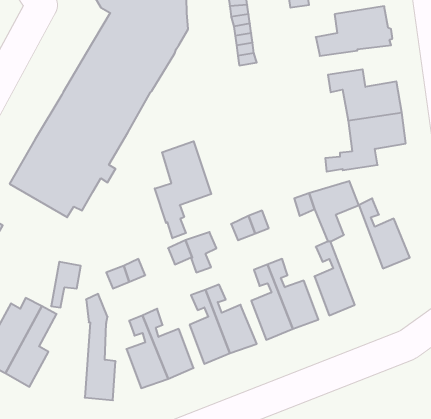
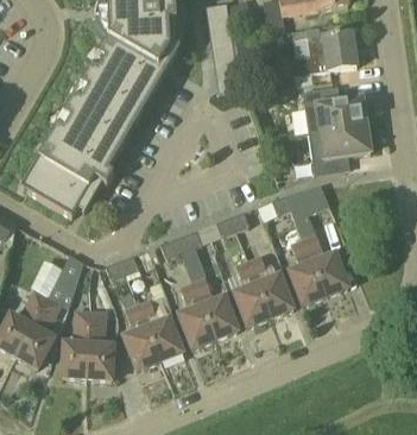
building: [155,141,211,238] -> none
building: [359,198,410,268] -> [305,232,350,294]
building: none -> [63,308,93,376]

